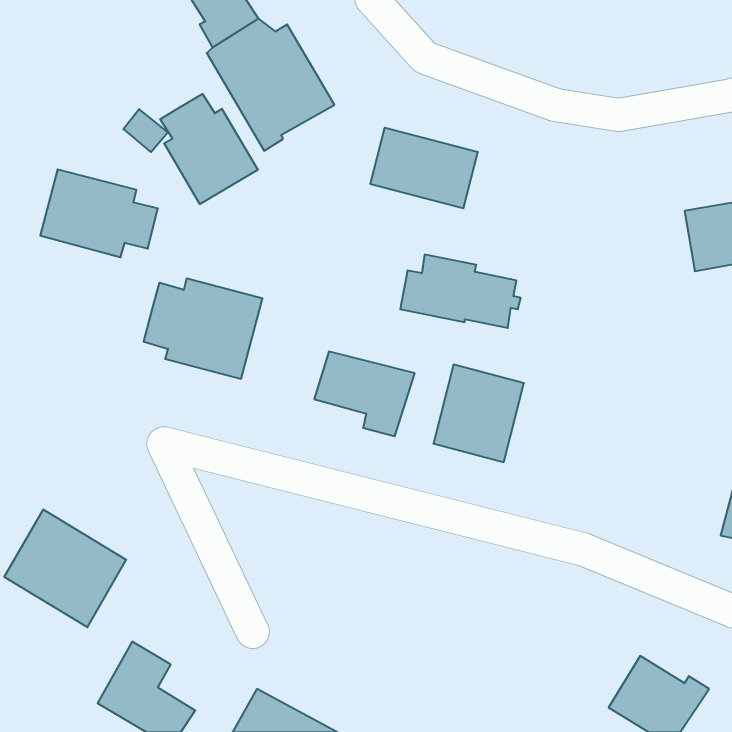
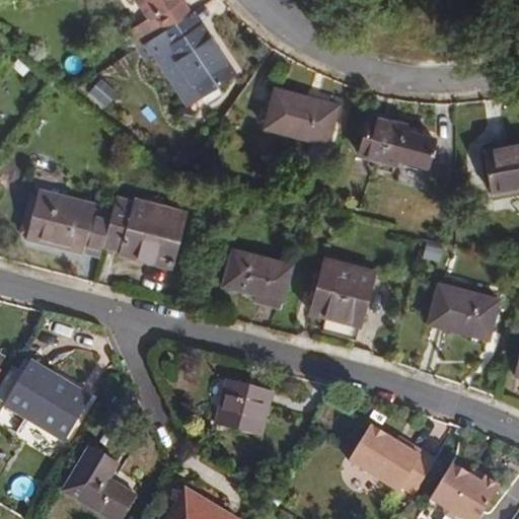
building: [160,94,258,204] -> none
building: [40,170,158,257] -> [25,191,108,252]
building: [400,255,521,328] -> [358,117,443,168]
building: none -> [424,280,503,343]
building: none -> [215,381,275,437]
building: none -> [345,426,433,498]

